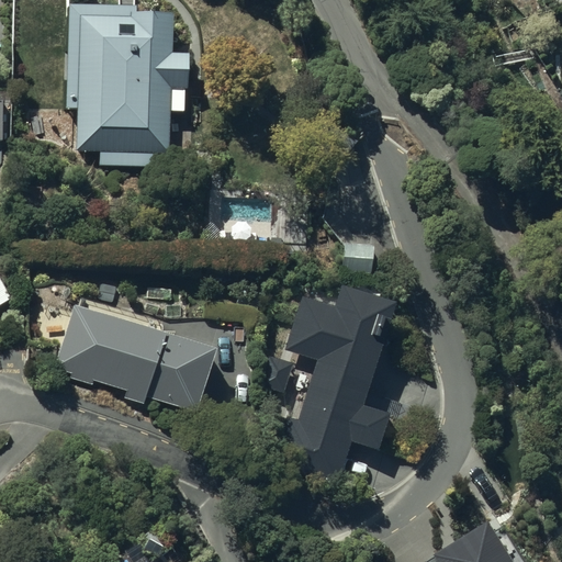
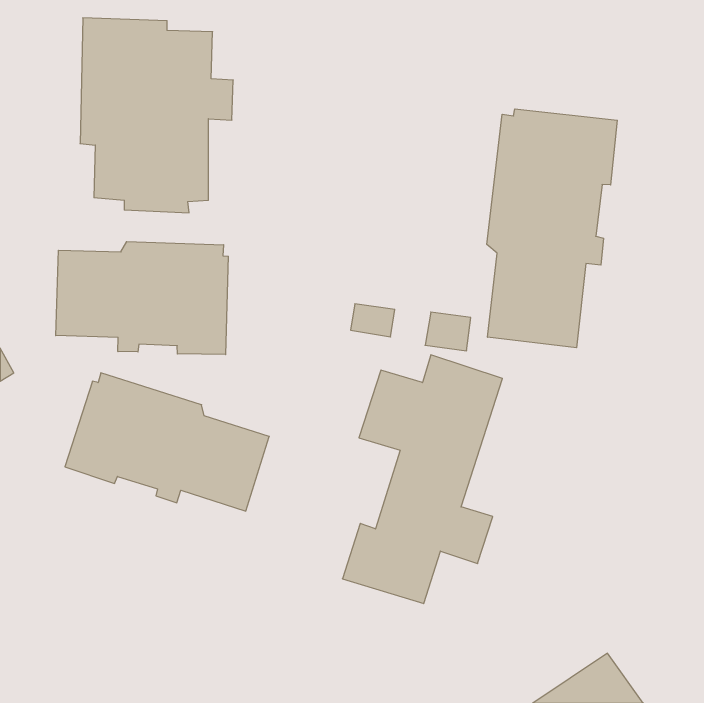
building: none -> [487,109,617,348]
building: none -> [56,242,228,355]

